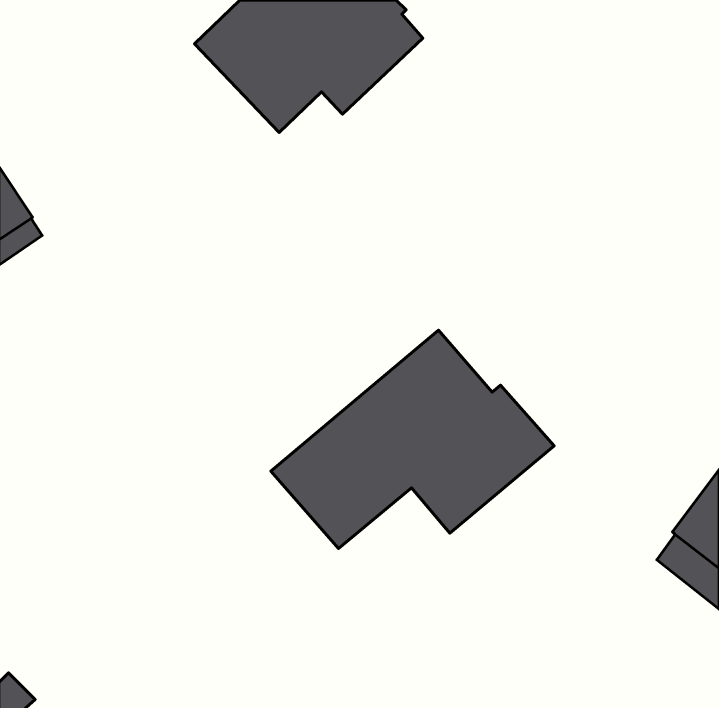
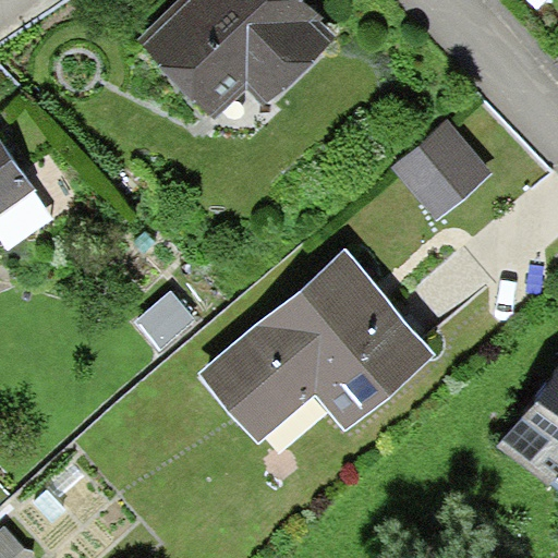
building: none -> [398,126,487,216]

